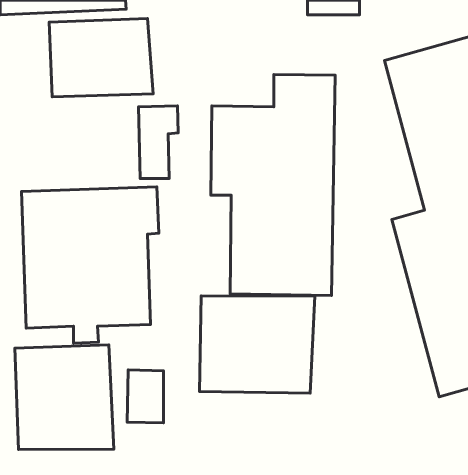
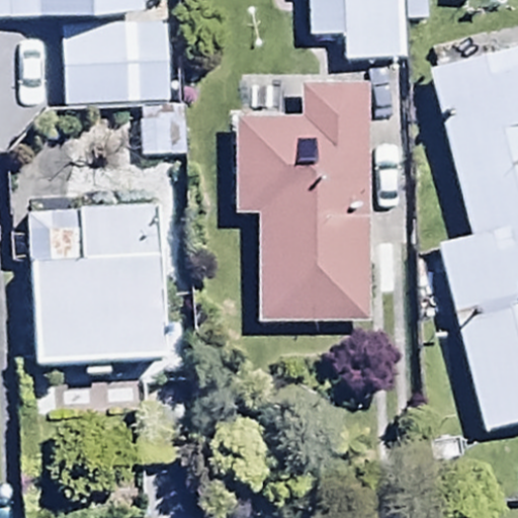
building: [200,296,315,393] -> none
building: [15,345,114,449] -> none

